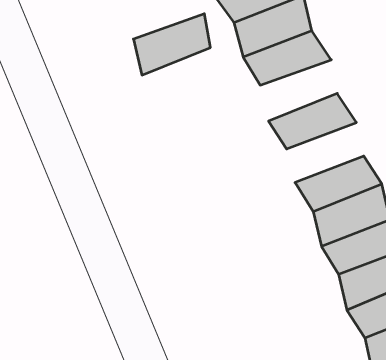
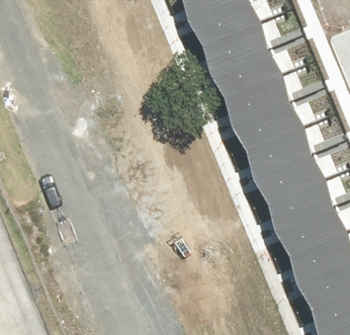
building: [133,14,210,75] -> [224,75,288,127]
building: none -> [246,128,311,178]

